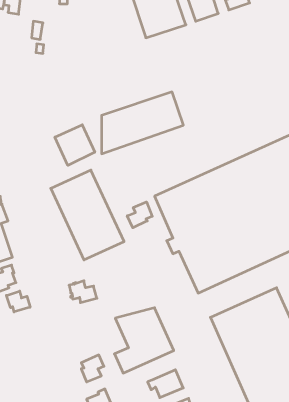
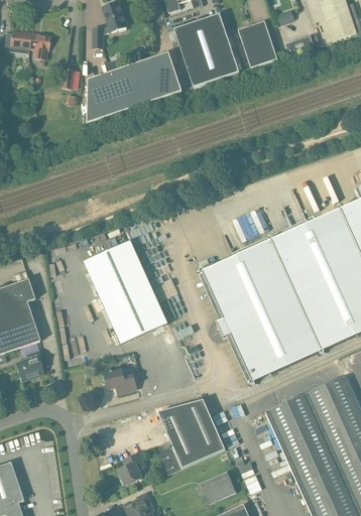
building: [102,92,183,154] -> [87,51,182,123]
building: [55,125,95,165] -> none
building: [127,202,152,228] -> none
building: [6,291,30,312] -> none

